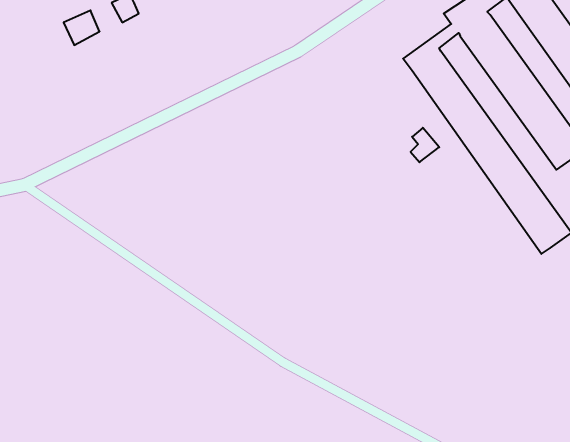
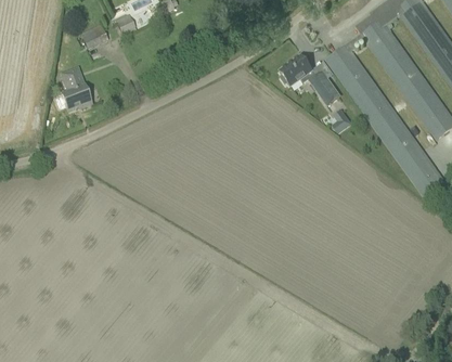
building: none -> [279,55,339,105]
building: none -> [54,72,91,111]

